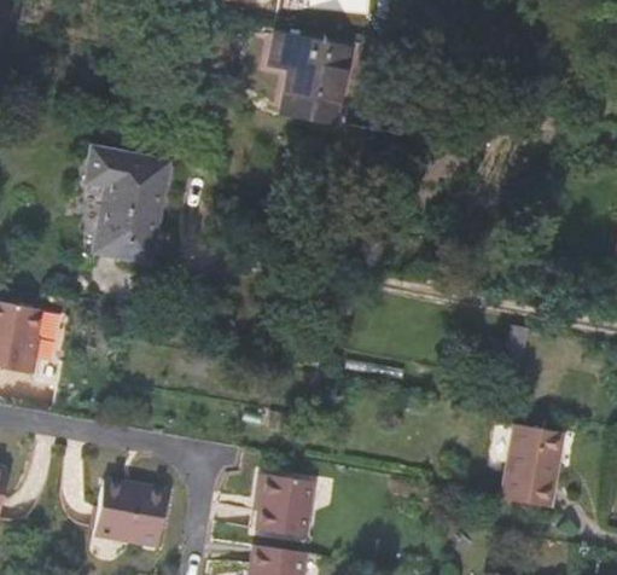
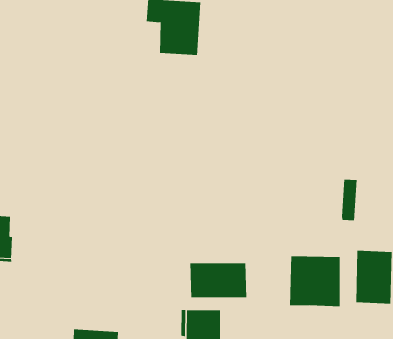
building: [86,147,168,262] -> none
building: none -> [190,263,247,298]
building: none -> [290,255,340,307]

